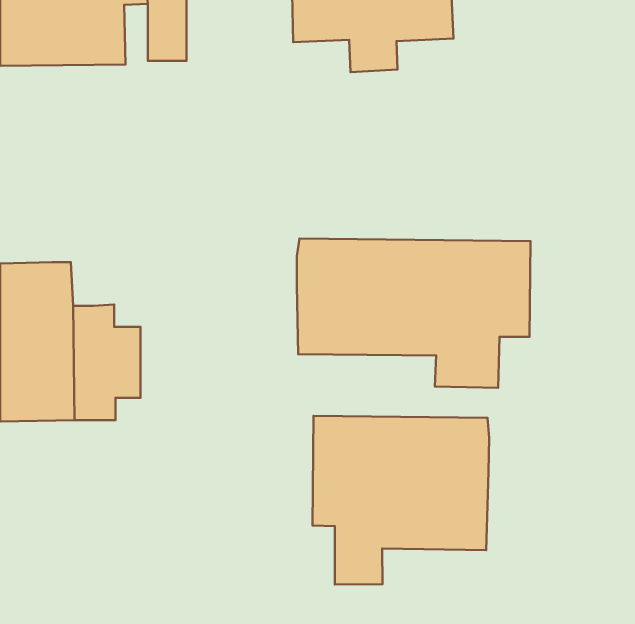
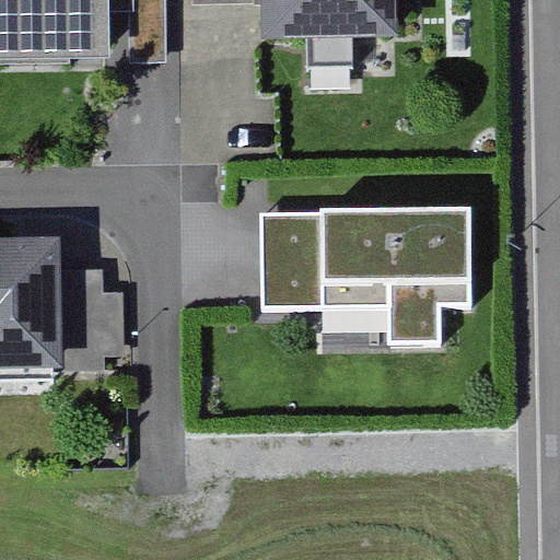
building: [312,416,489,584] -> none

